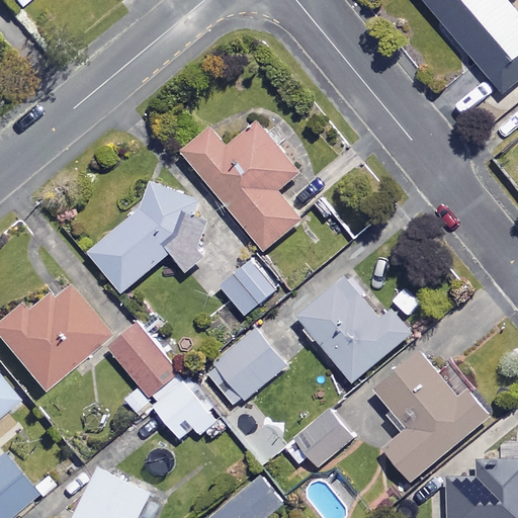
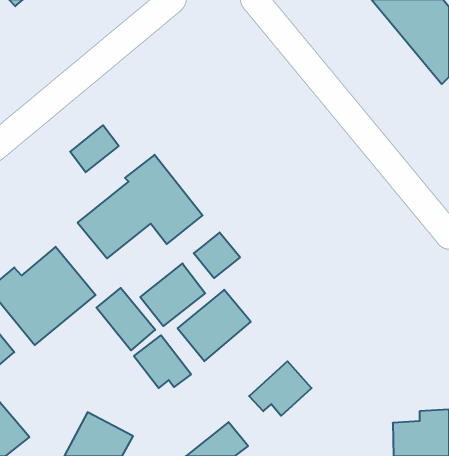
building: [183,122,301,251] -> none
building: none -> [70,125,119,172]
building: [297,274,409,381] -> none
building: none -> [140,263,205,326]
building: [372,346,492,481] -> none

